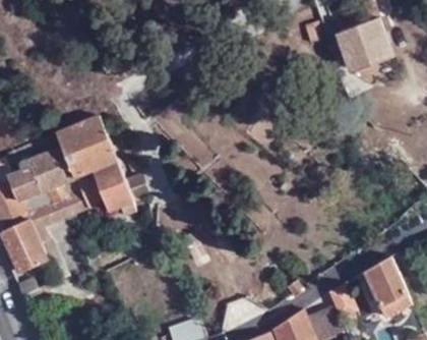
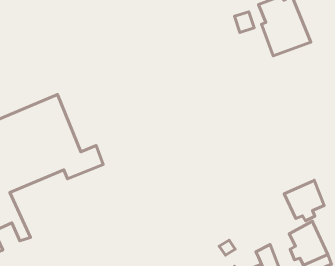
building: none -> [284,180,324,221]

